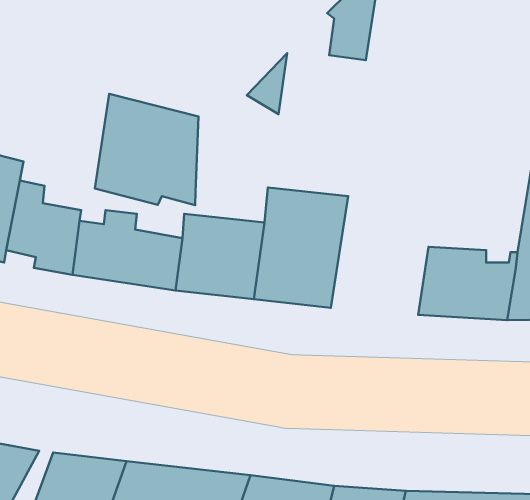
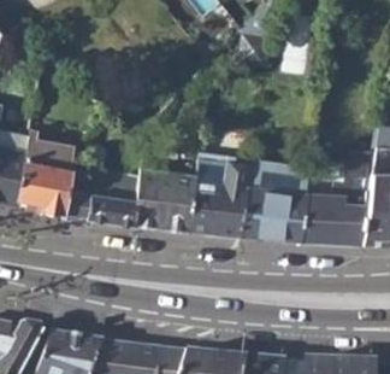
building: [95,94,199,205] -> none
building: none -> [242,157,313,239]

